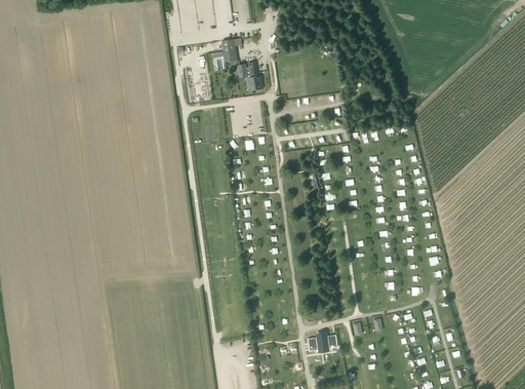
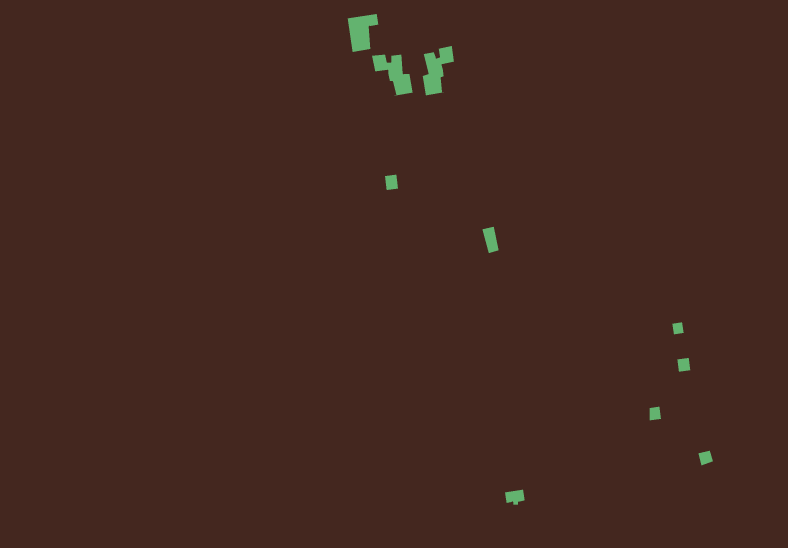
building: none -> [422,45,455,96]

